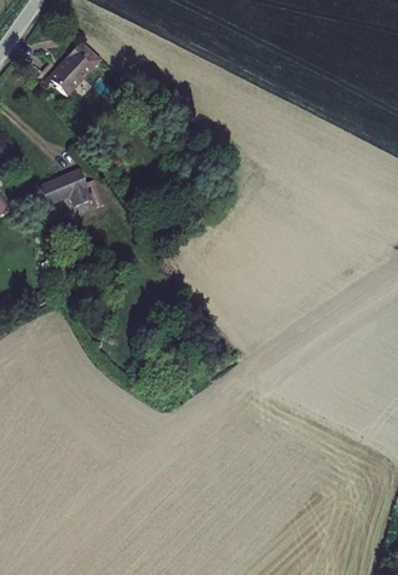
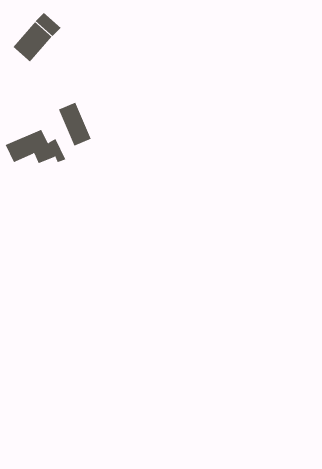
building: none -> [58,102,91,147]

